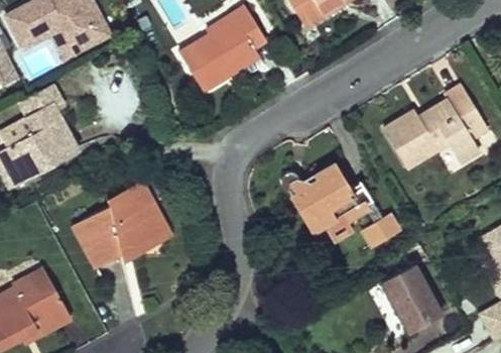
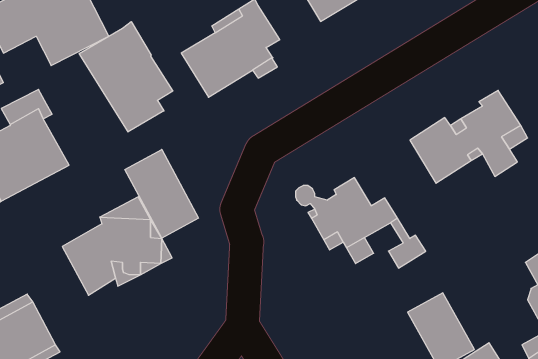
building: none -> [79,22,173,132]
building: none -> [125,149,198,238]

